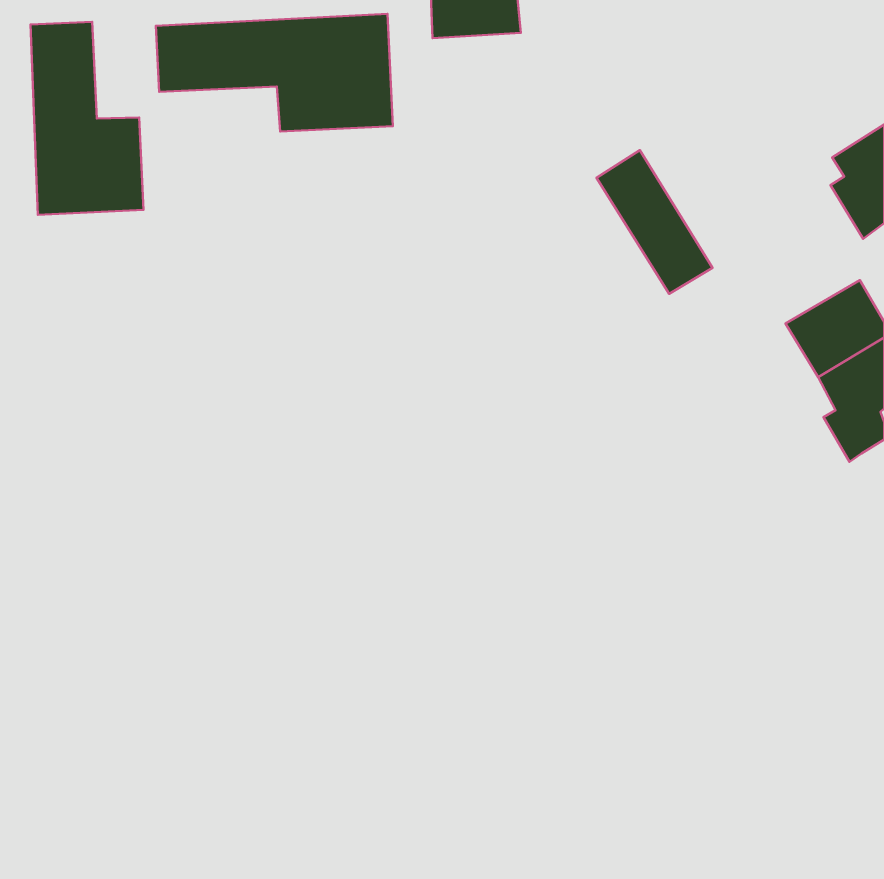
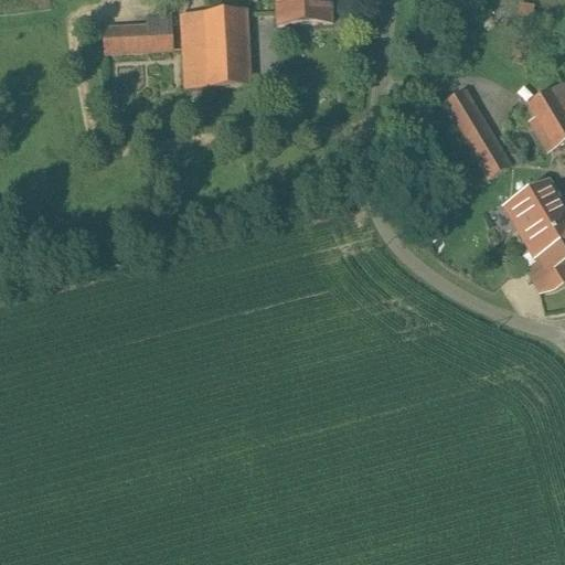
building: [31,22,143,215] -> none
building: [596,150,712,294] -> [439,83,513,174]

